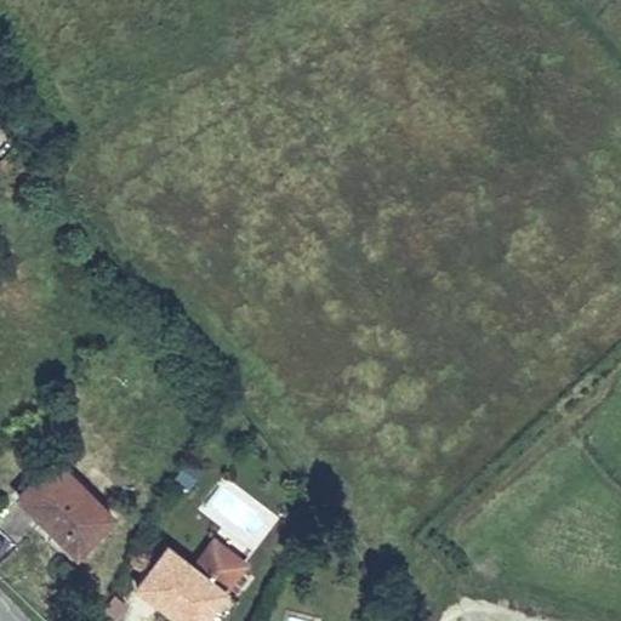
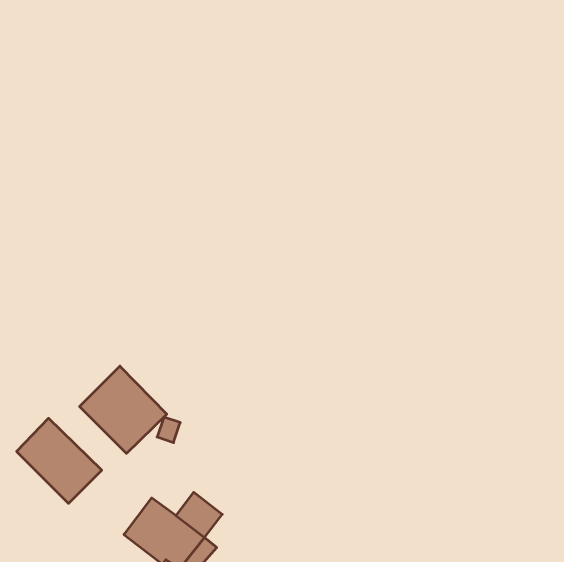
building: none -> [80,366,167,453]

